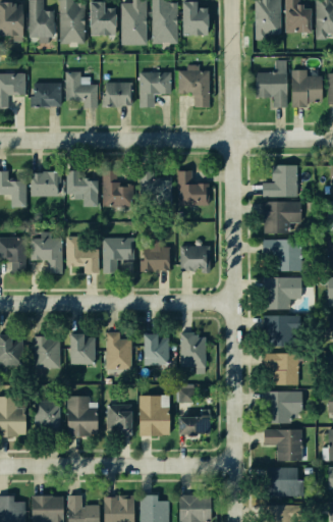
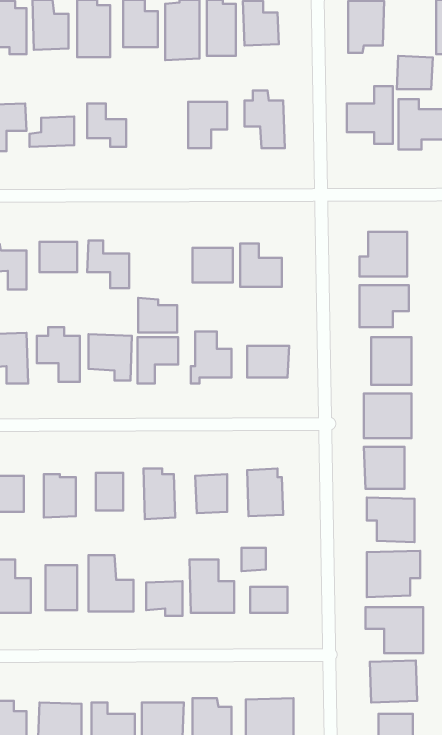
building: [284,8,310,32] -> [397,56,433,89]
building: [107,83,131,103] -> none
building: [105,180,132,205] -> [138,298,177,333]

